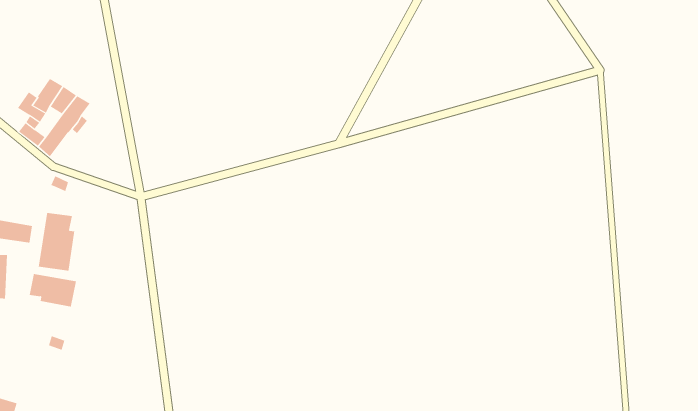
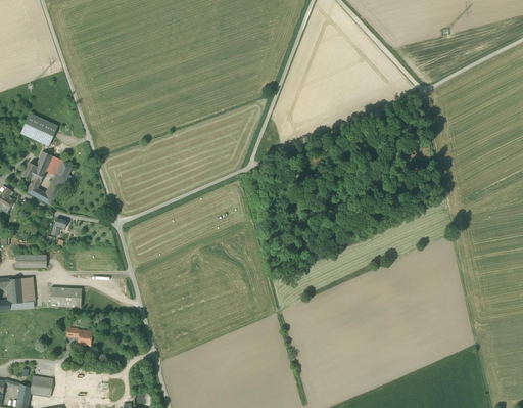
building: none -> [20,114,56,145]
building: [38,212,75,271] -> none

